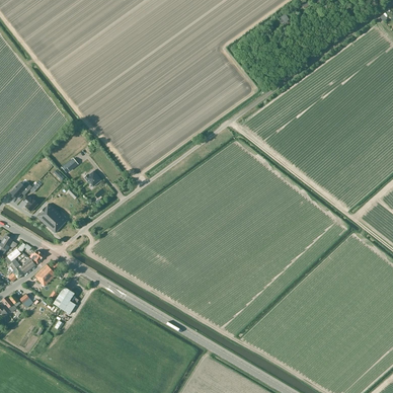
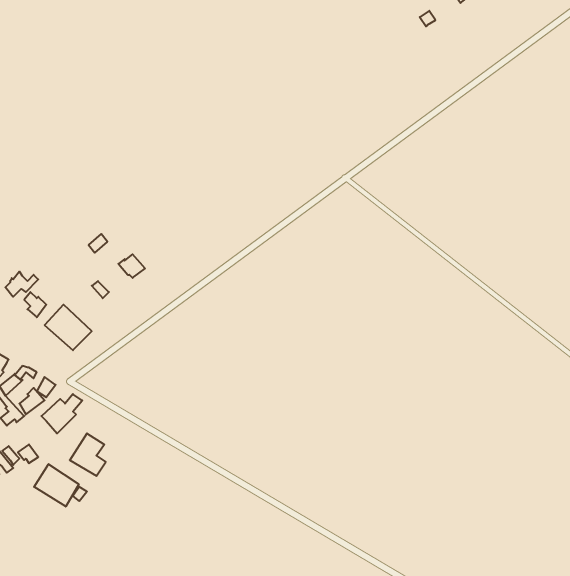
building: none -> [34,464,79,507]

